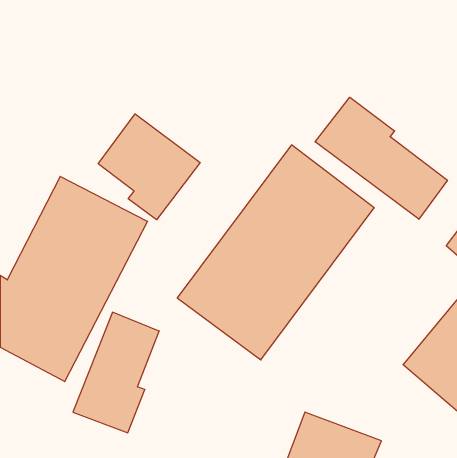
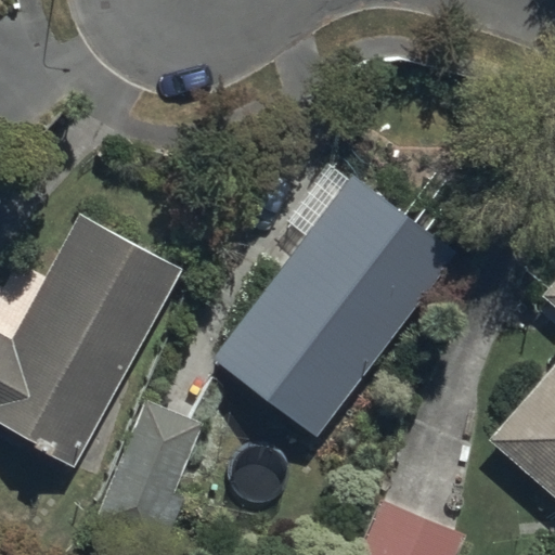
building: [315,97,447,219] -> none
building: [98,114,200,220] -> none

